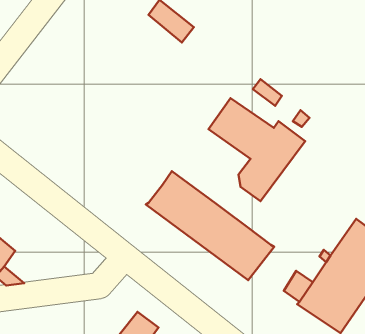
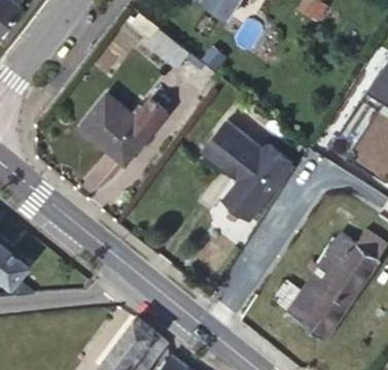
building: none -> [79,95,167,166]
building: [146,171,274,280] -> none

